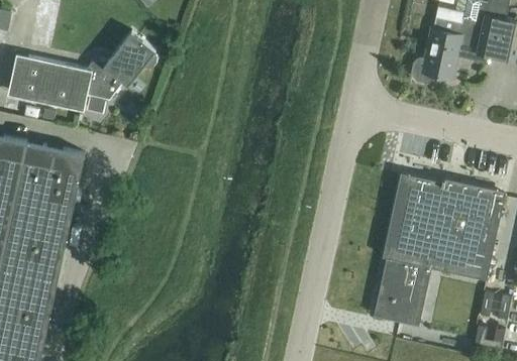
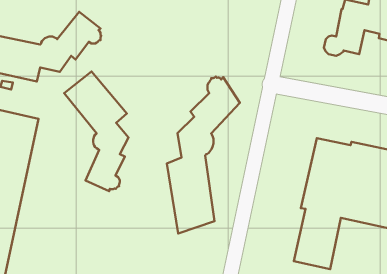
building: none -> [64,72,129,191]
building: none -> [167,77,240,234]

